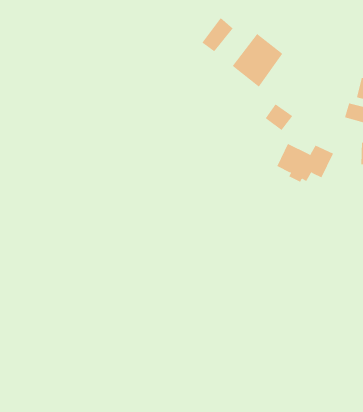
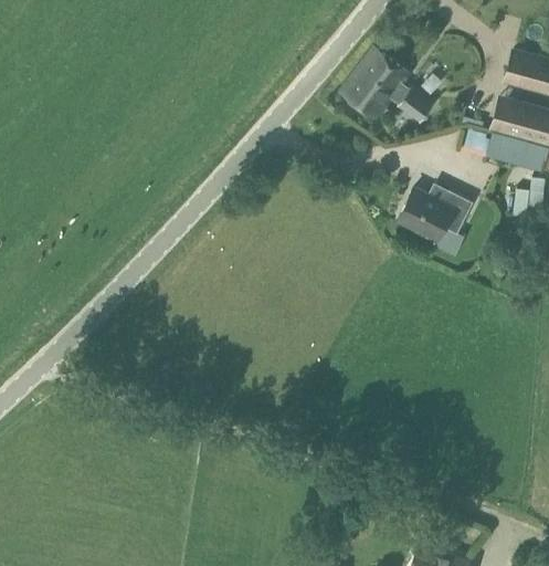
building: [201,17,233,52] -> none
building: [265,103,293,131] -> [398,88,434,124]

